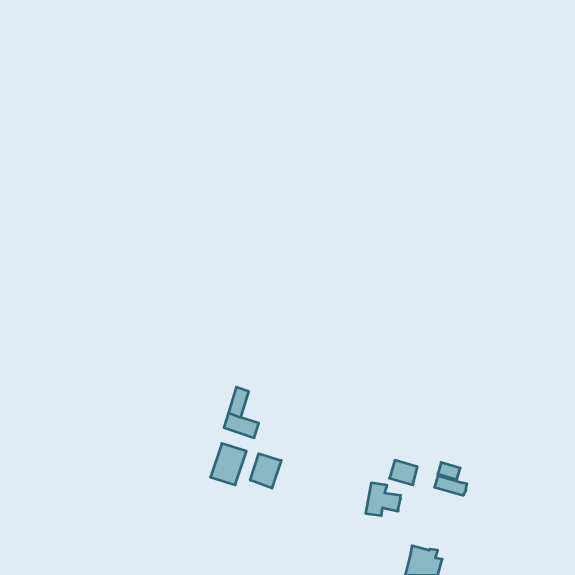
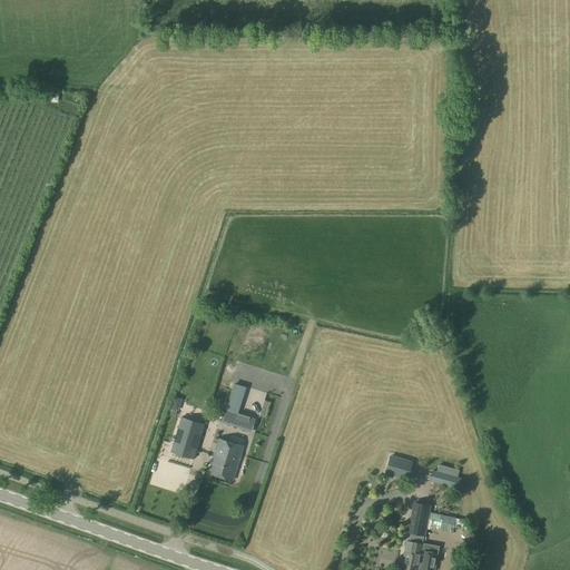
building: none -> [171,417,205,460]
building: [250,454,281,488] -> none
building: [366,483,401,516] -> [410,503,444,535]

